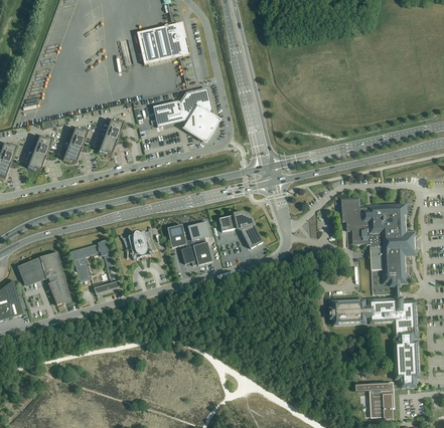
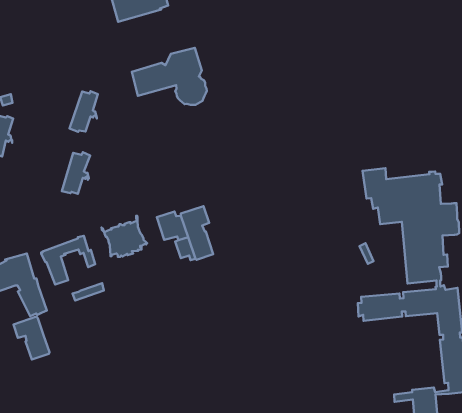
building: [62,128,88,162] -> [62,152,90,194]
building: [217,211,262,247] -> none
building: none -> [14,316,49,359]

